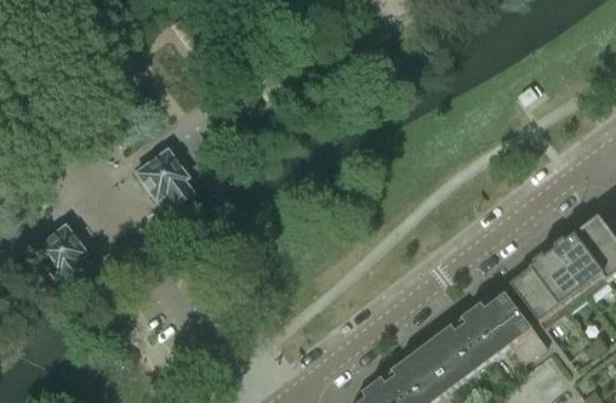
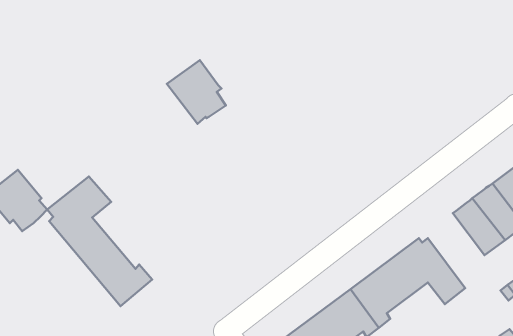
building: [127,144,190,212] -> [167,60,226,124]
building: none -> [47,177,152,306]
building: [511,267,566,329] -> none

